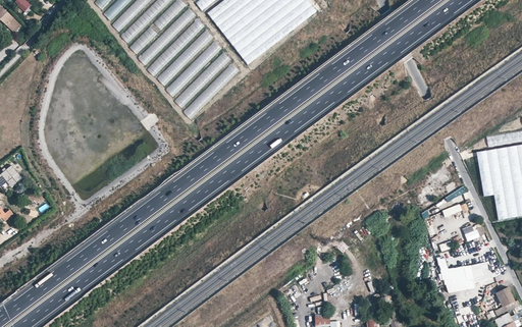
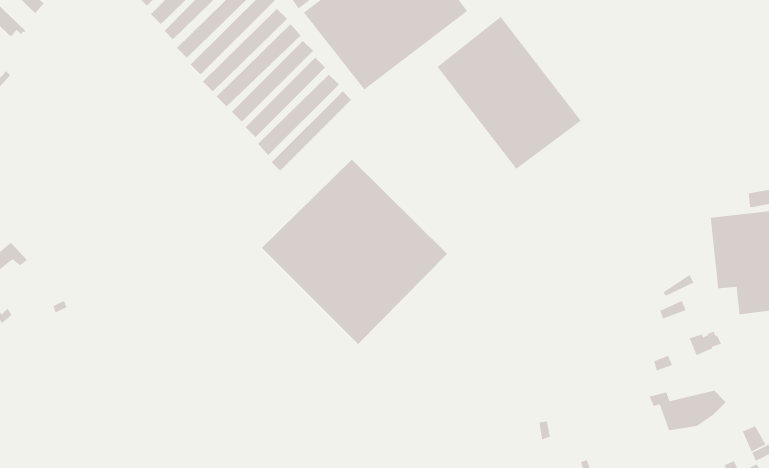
building: none -> [437,16,582,170]
building: none -> [261,159,448,345]

